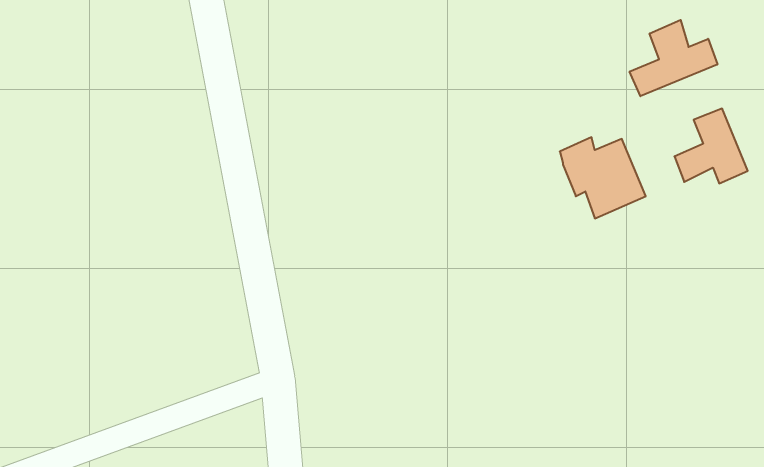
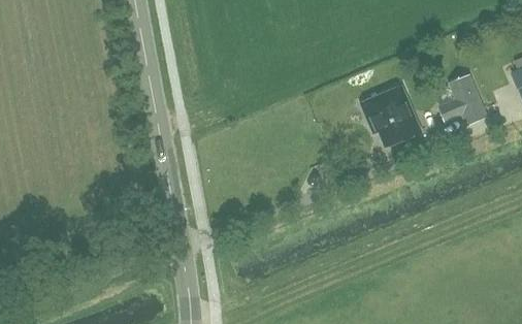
building: [630,20,717,96] -> none

